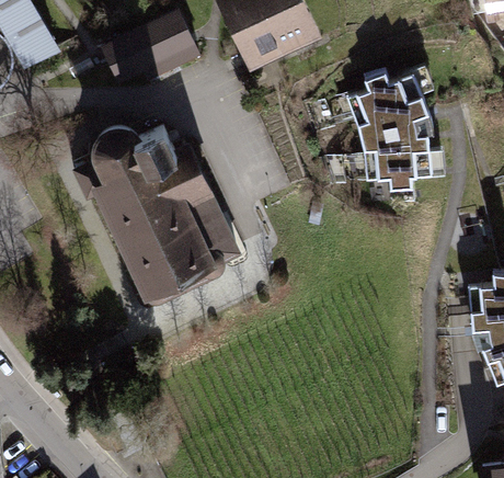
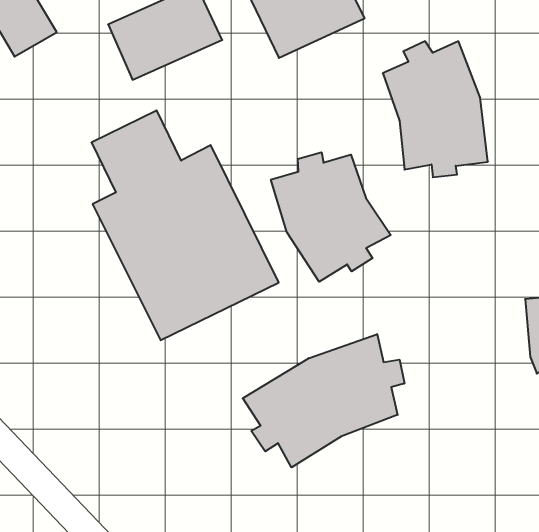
building: none -> [271,152,391,282]
building: none -> [243,334,404,467]

